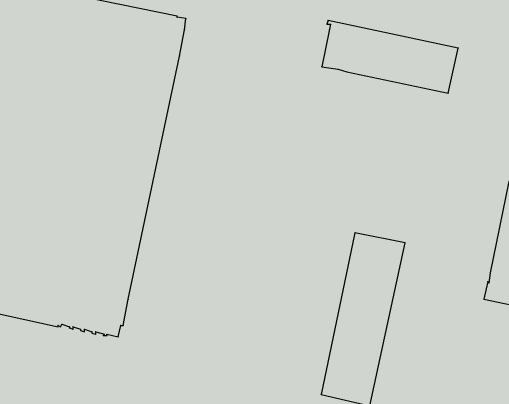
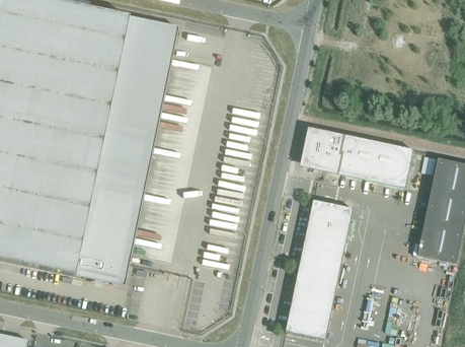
building: [322,20,458,93] -> [303,126,413,185]

